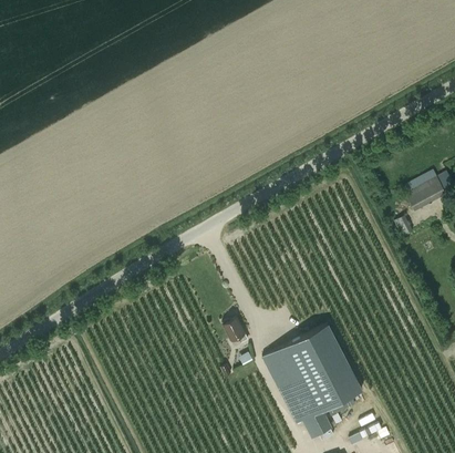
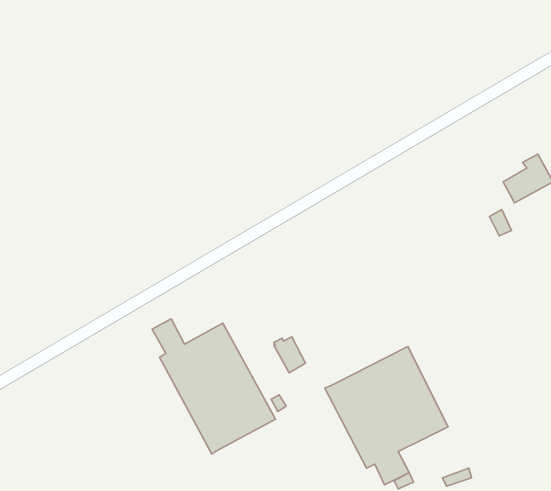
building: none -> [152,319,276,454]

